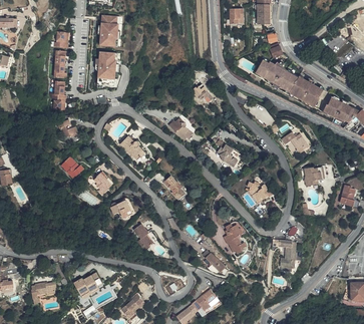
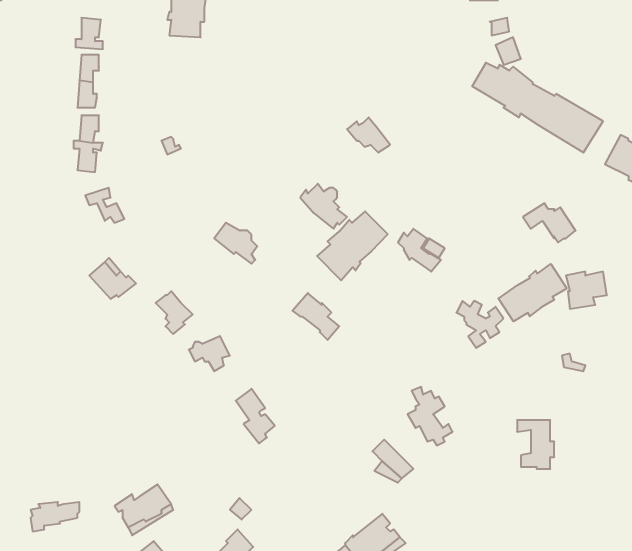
building: [94,55,115,89] -> none
building: none -> [317,211,388,280]
building: none -> [498,264,567,321]

